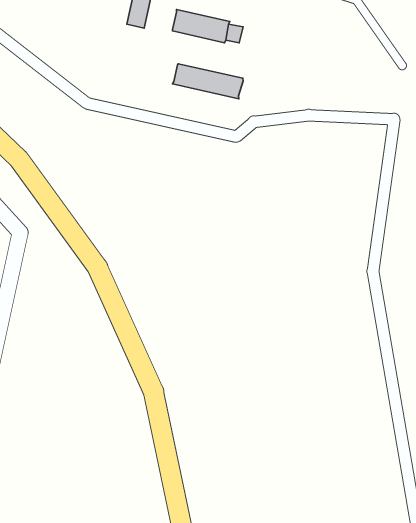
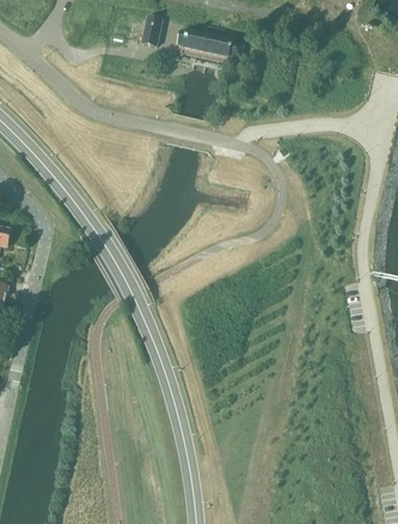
building: [173,64,243,99] -> none

